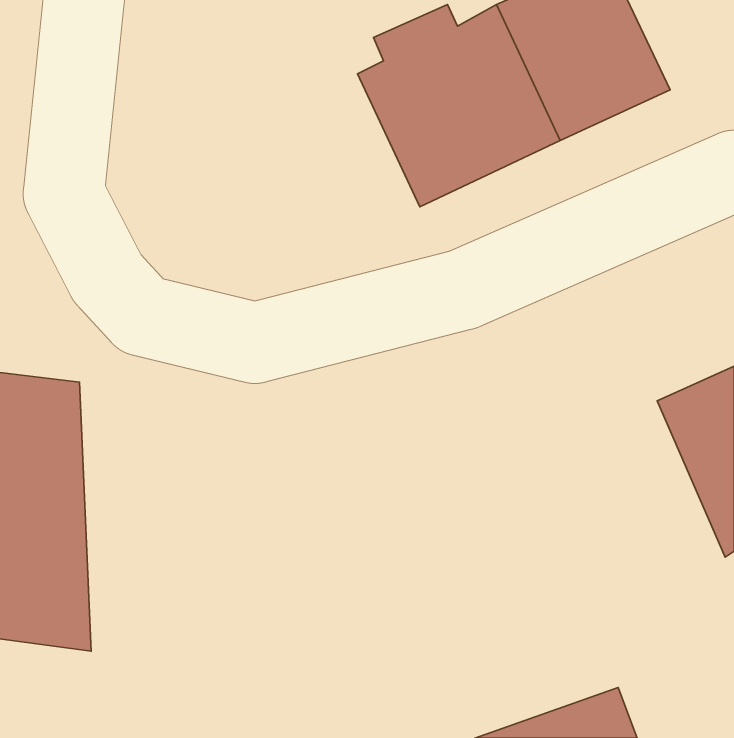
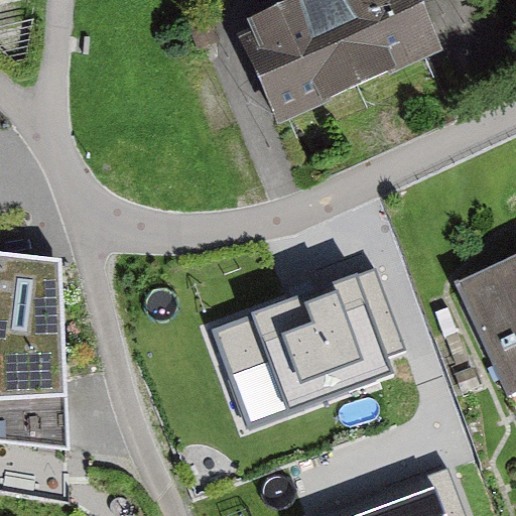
building: none -> [211,264,394,421]

